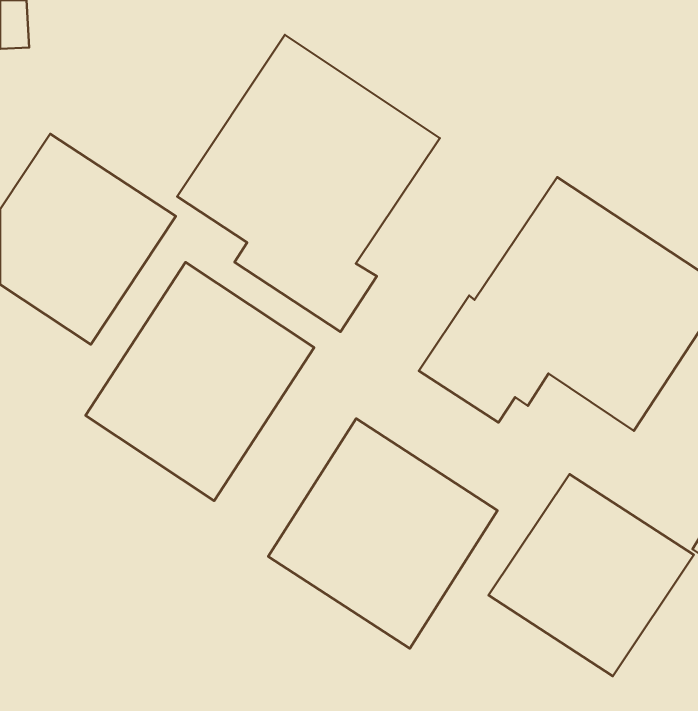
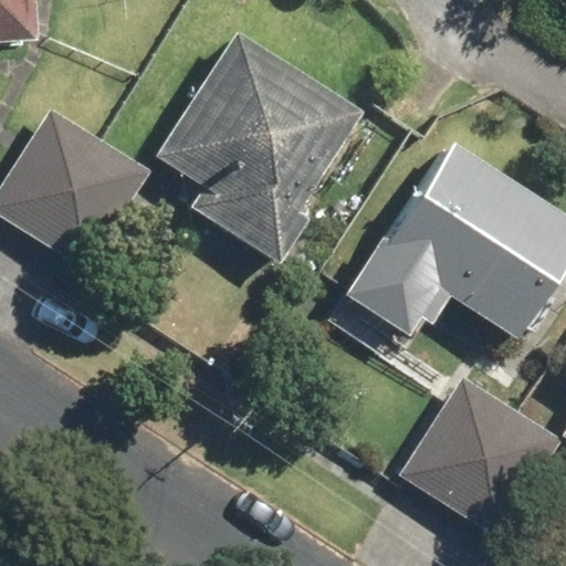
building: [85,262,314,501] -> none
building: [268,419,498,649] -> none

